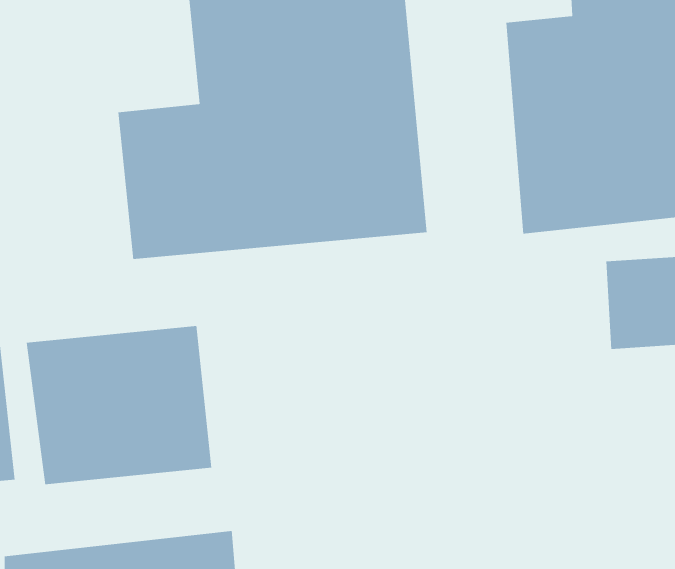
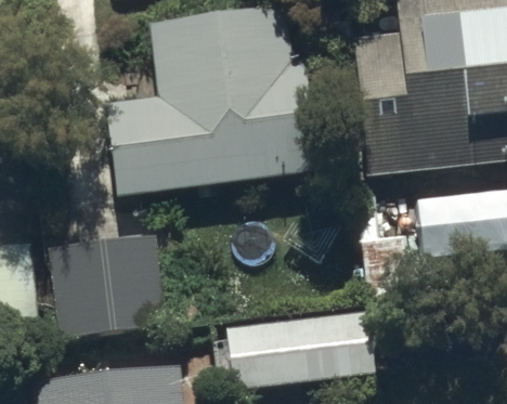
building: none -> [216,314,375,386]

